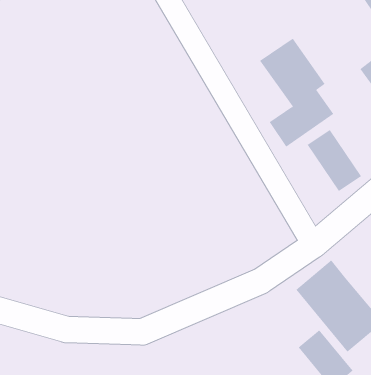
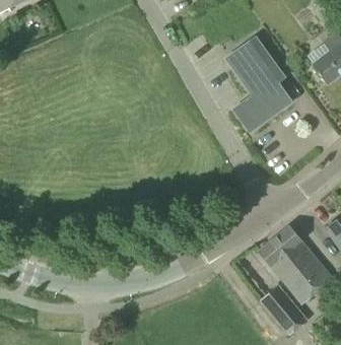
building: [307,129,362,192] -> none

